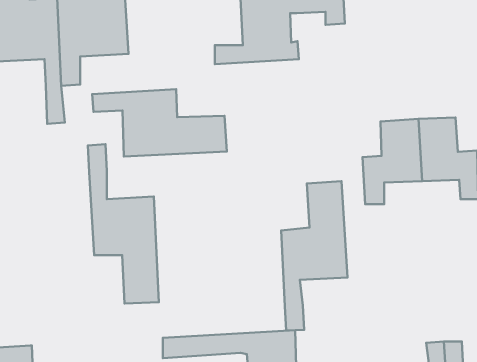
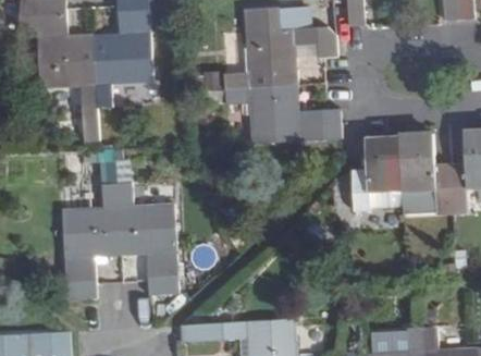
building: [92,89,227,156] -> [225,86,341,144]
building: none -> [62,160,122,299]
building: [281,181,348,330] -> none

